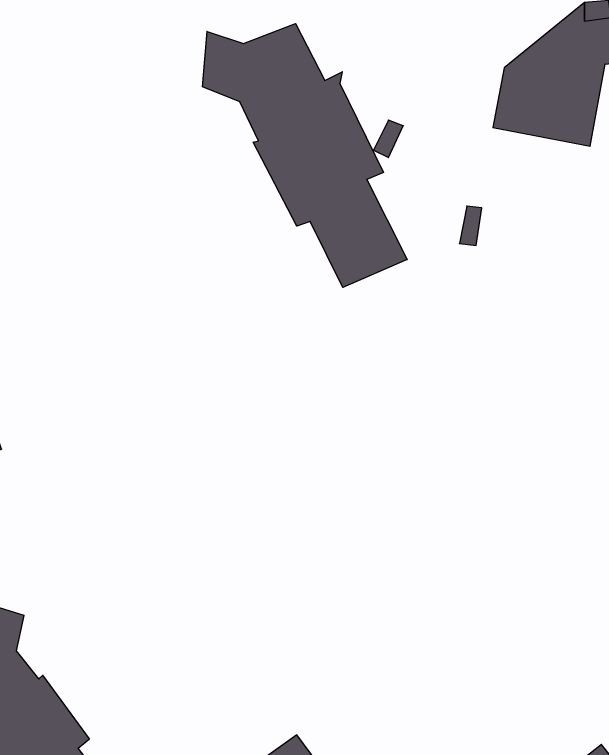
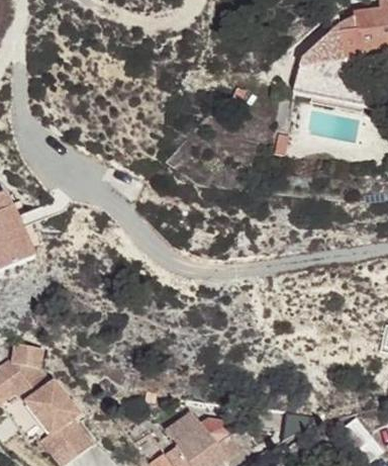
building: [203,24,407,287] -> none

